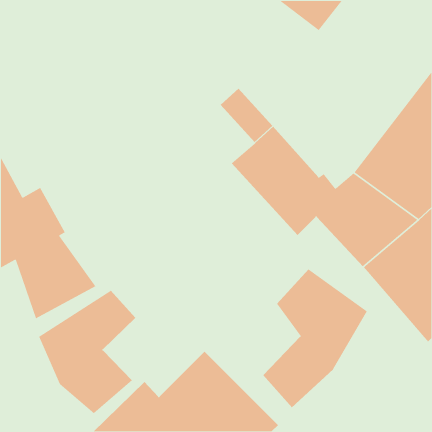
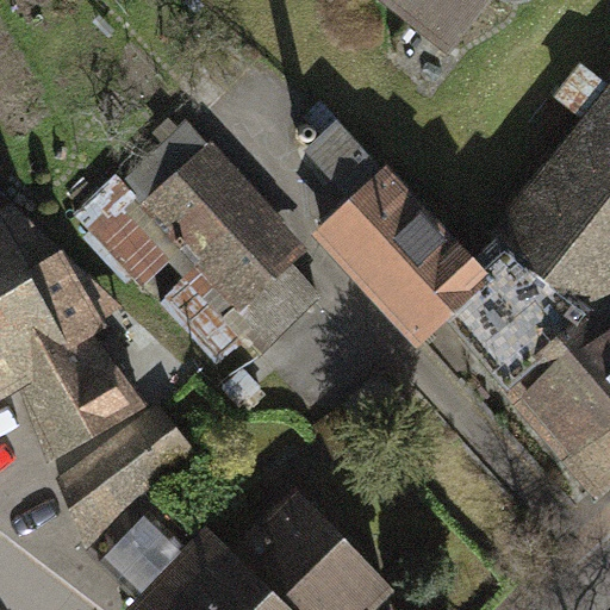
building: none -> [83,127,317,346]
building: [263,268,368,408] -> none

